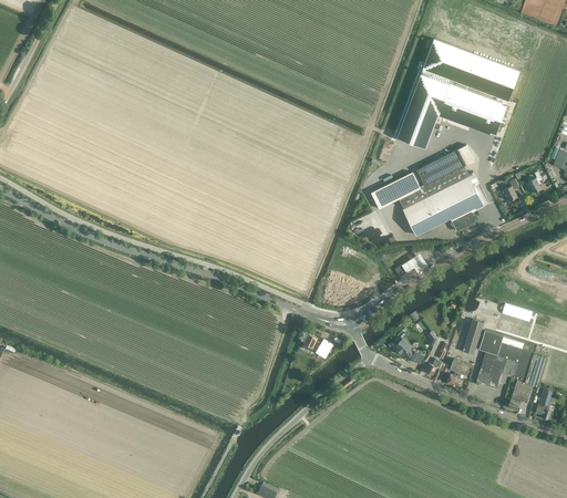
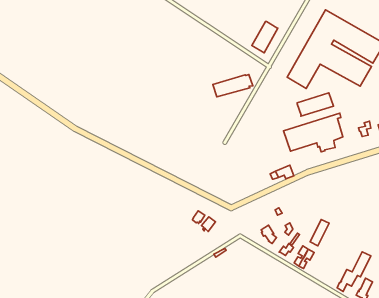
building: none -> [252,21,278,53]
building: [370,170,423,207] -> [213,74,253,97]
building: [475,331,530,386] -> none

